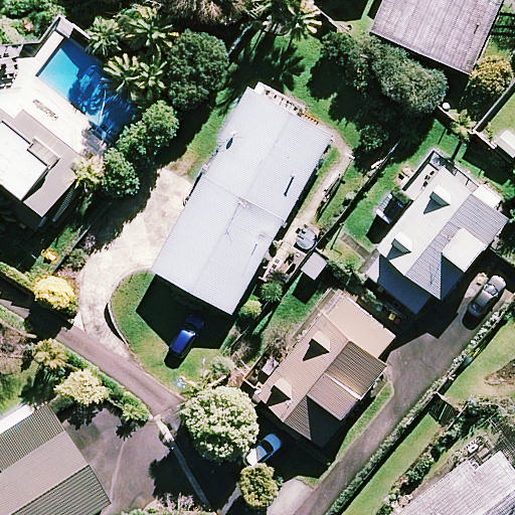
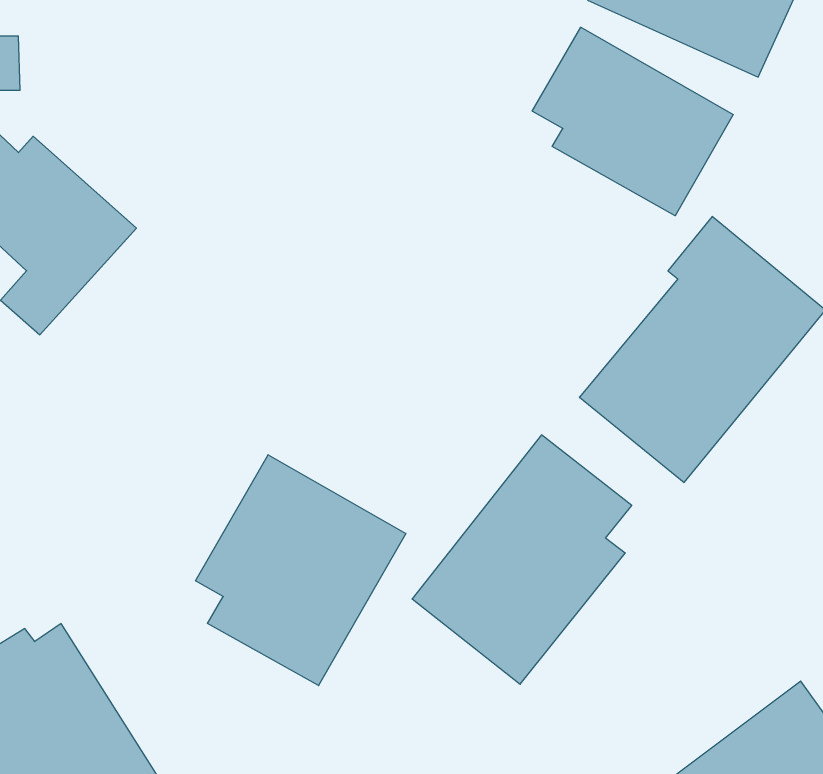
building: none -> [532,27,733,216]
building: [152,92,331,313] -> none
building: none -> [196,455,406,686]

